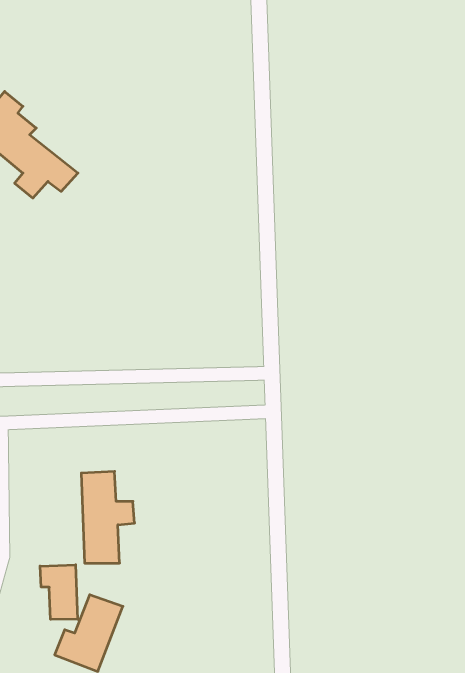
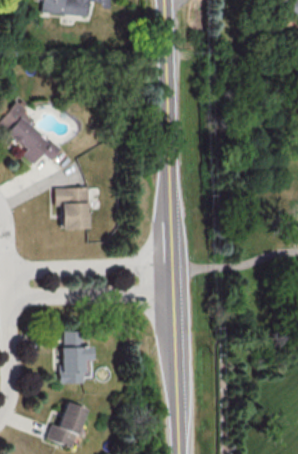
building: none -> [55,188,90,230]
building: [40,565,78,619] -> none

